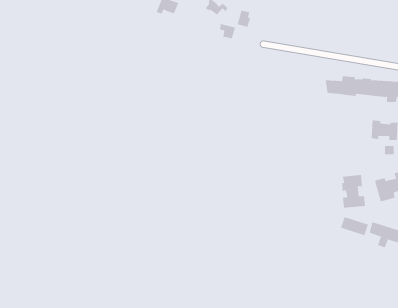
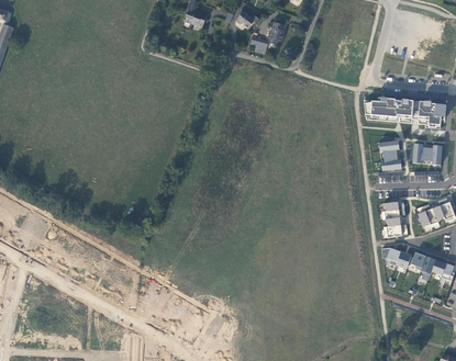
building: none -> [378,138,401,169]

